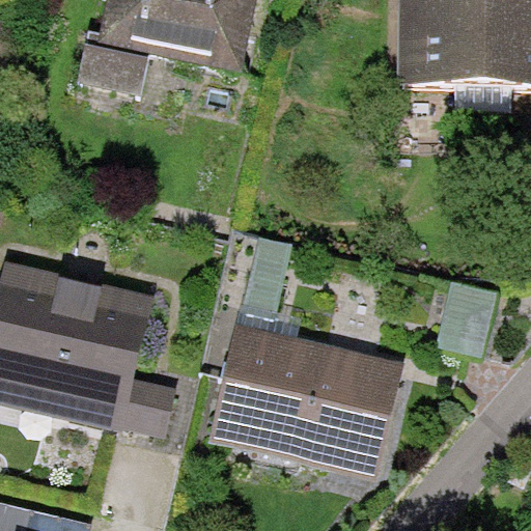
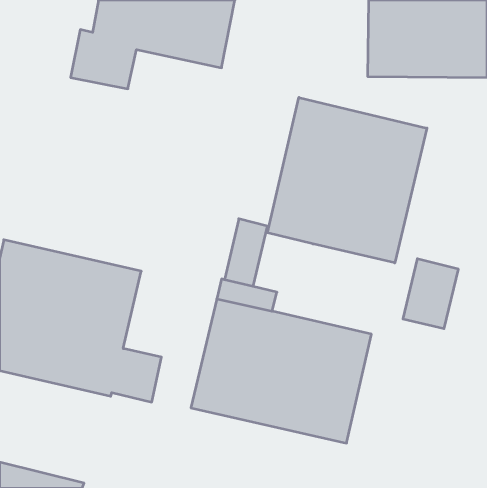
building: none -> [268,97,427,263]

